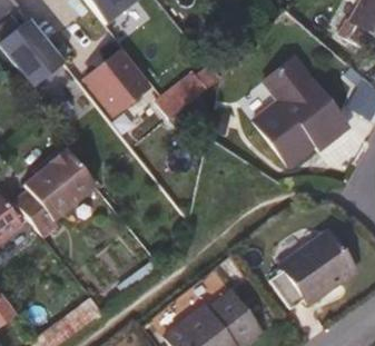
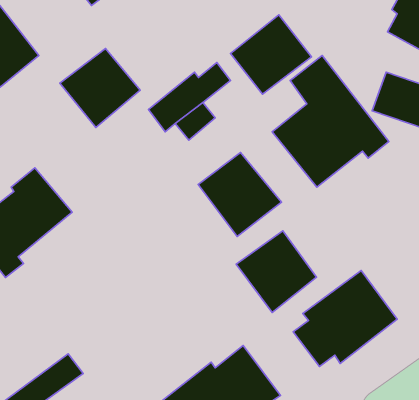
building: none -> [230,15,312,94]
building: none -> [198,152,282,236]
building: none -> [236,231,316,313]

